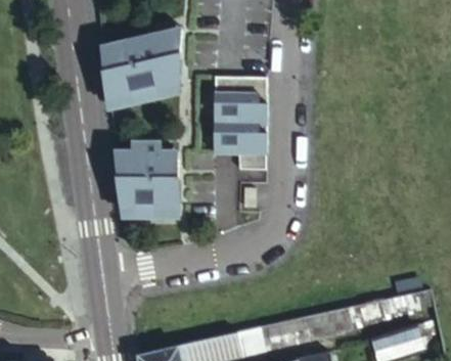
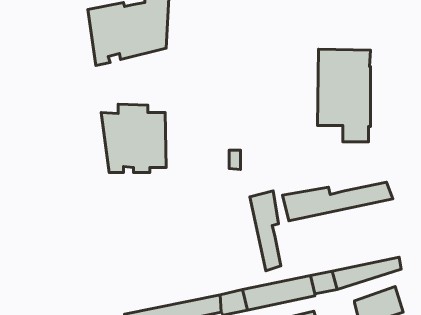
building: [213,78,266,171] -> [318,49,370,142]
building: none -> [282,182,393,221]
building: none -> [250,191,281,271]

